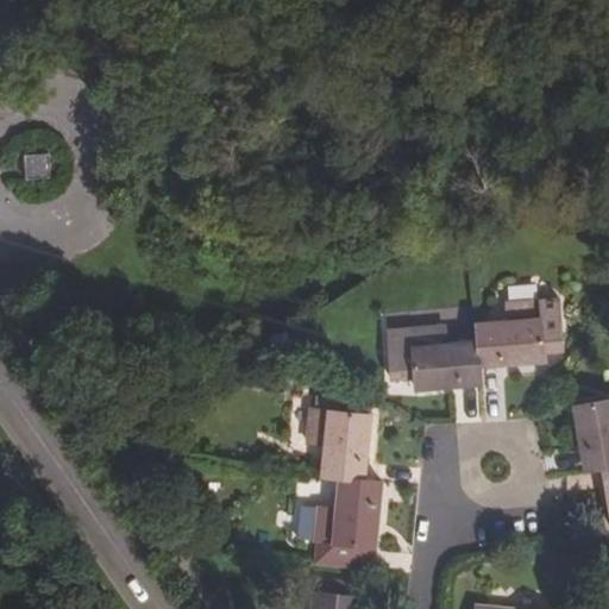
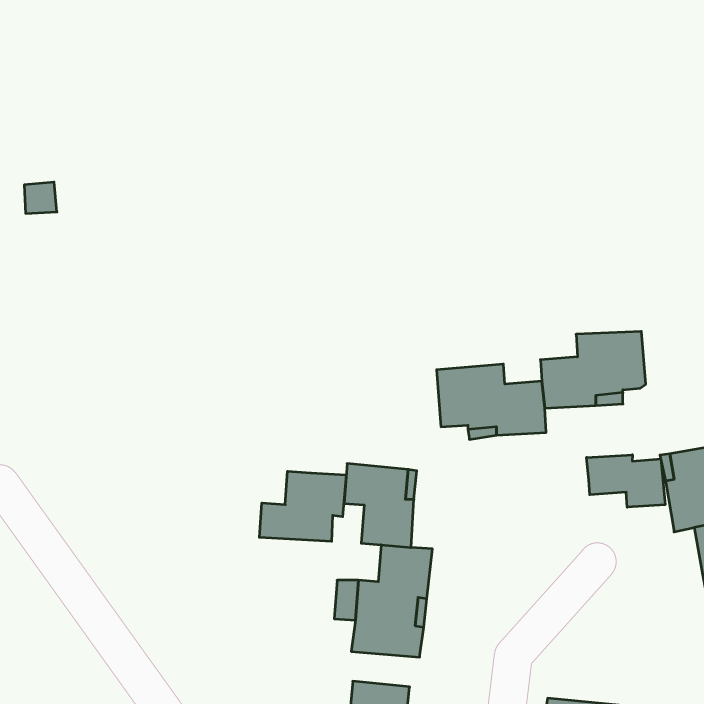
building: none -> [587,455,665,507]
building: none -> [259,471,346,541]

